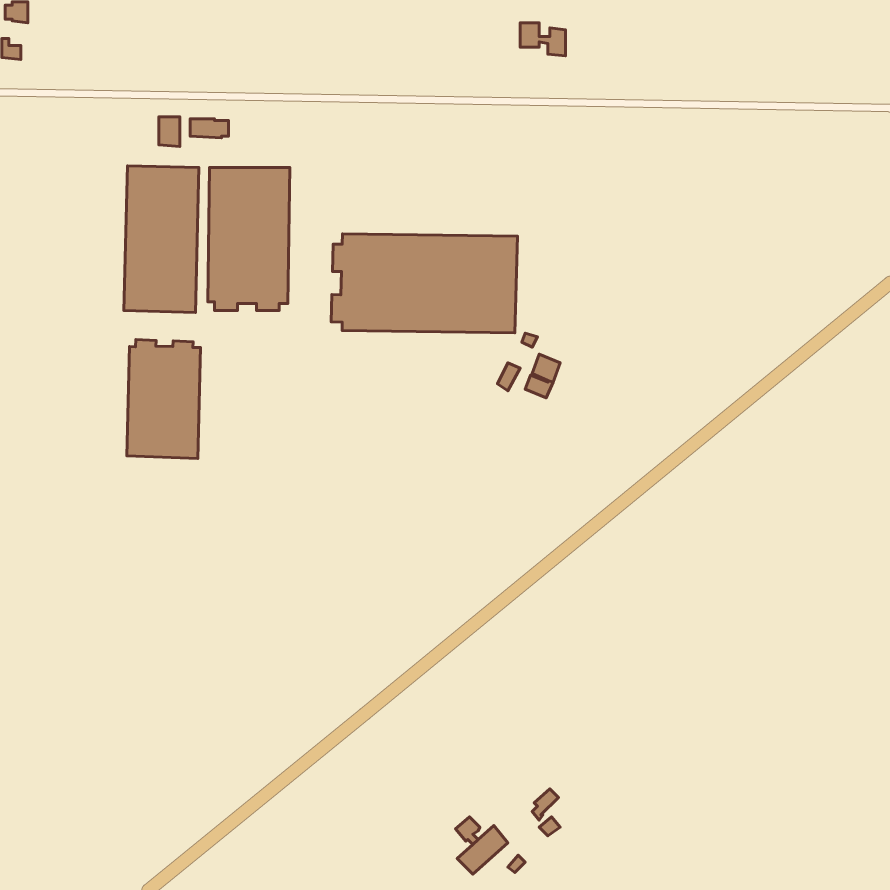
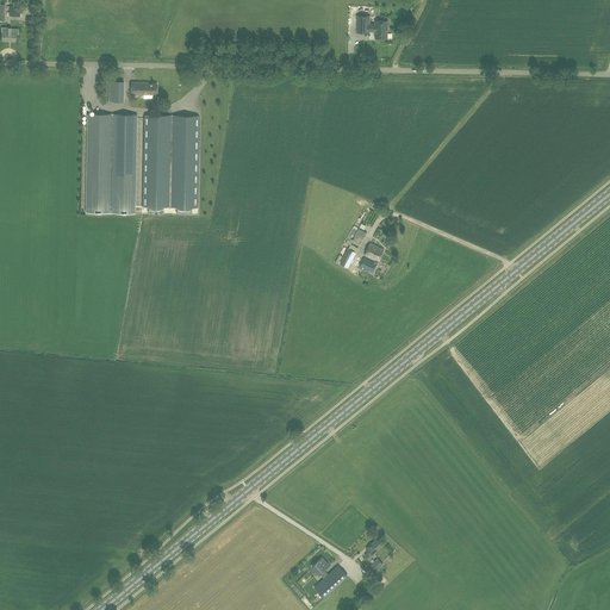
building: [331,234,518,333] -> none
building: [127,340,201,458] -> none

